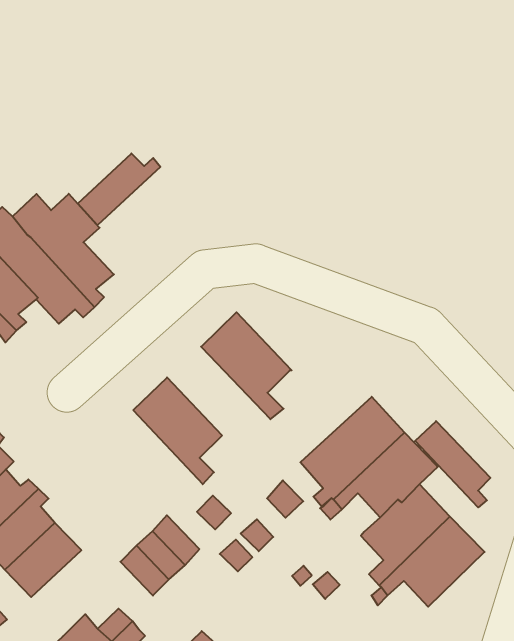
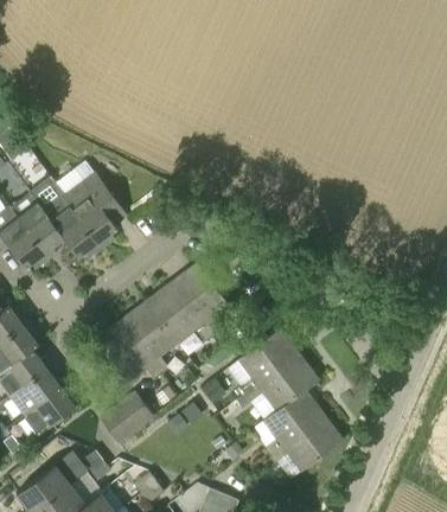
building: [78,153,160,225] -> none
building: none -> [146,283,211,344]
building: none -> [95,320,161,382]
building: [415,421,490,507] -> none

